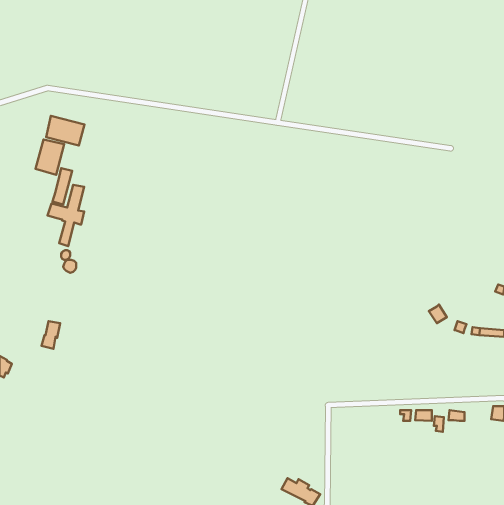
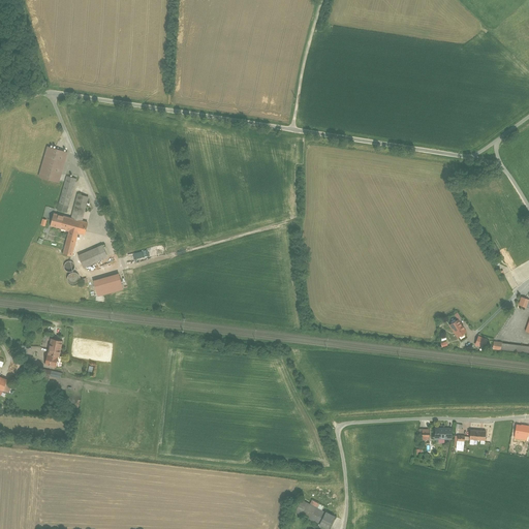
building: [46,116,85,145] -> none
building: none -> [76,244,107,268]
building: none -> [93,274,123,297]

